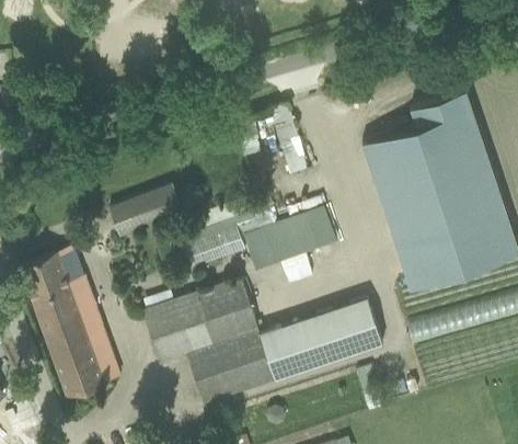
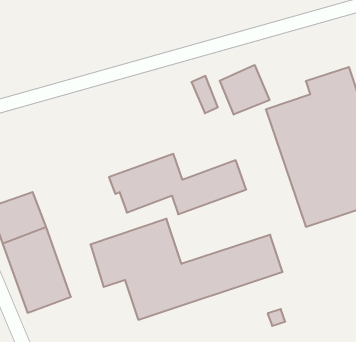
building: none -> [220,65,270,115]
building: [110,184,183,237] -> none

